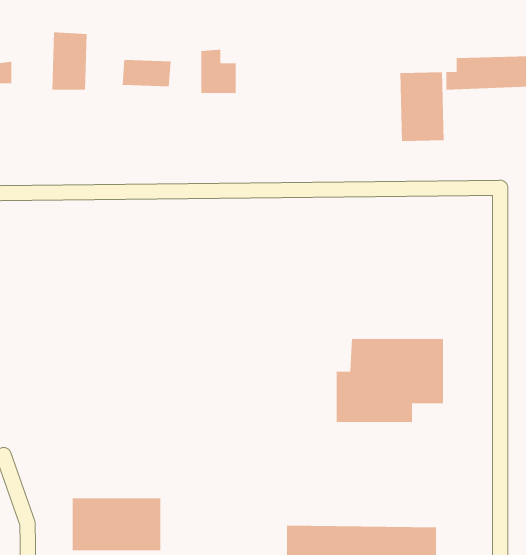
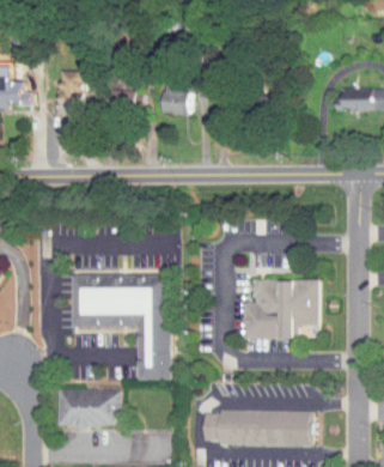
building: [400,71,444,142] -> none
building: none -> [75,274,172,380]

